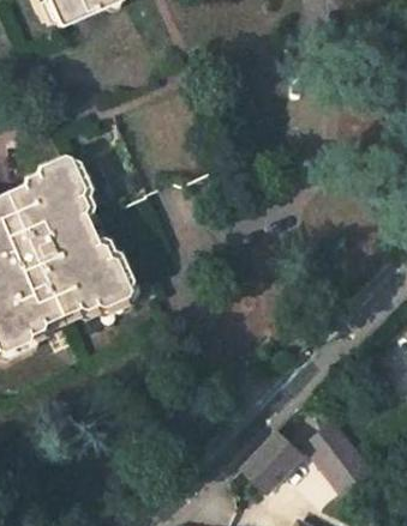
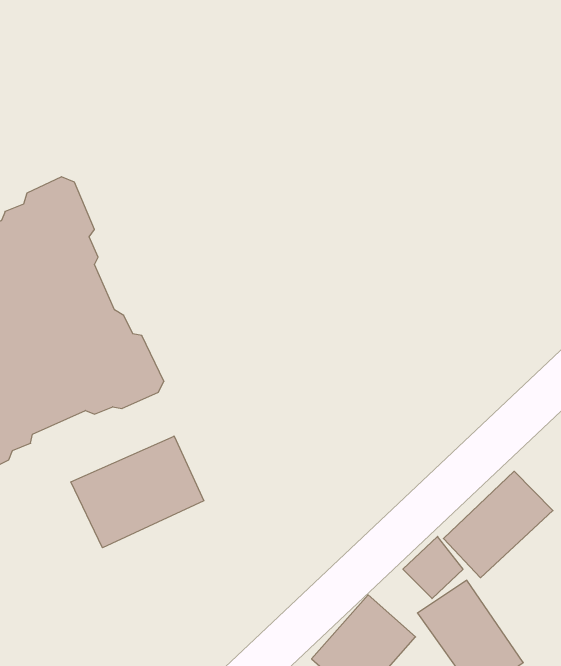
building: none -> [71,436,204,548]
building: none -> [443,471,553,578]

